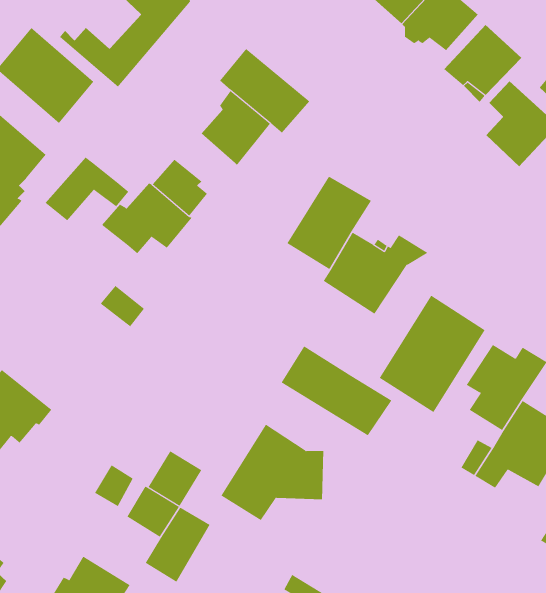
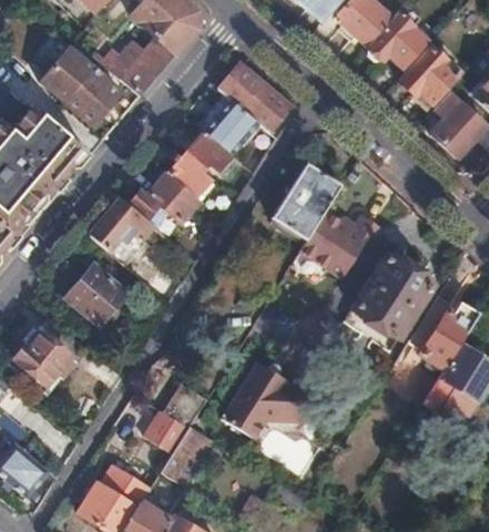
building: none -> [184,130,232,173]
building: [45,157,129,221] -> [89,200,155,250]
building: none -> [71,264,128,327]
building: [281,345,392,436] -> none

